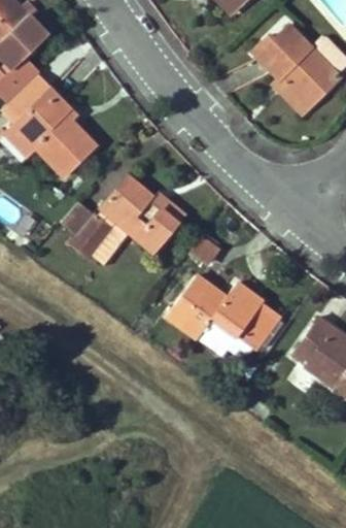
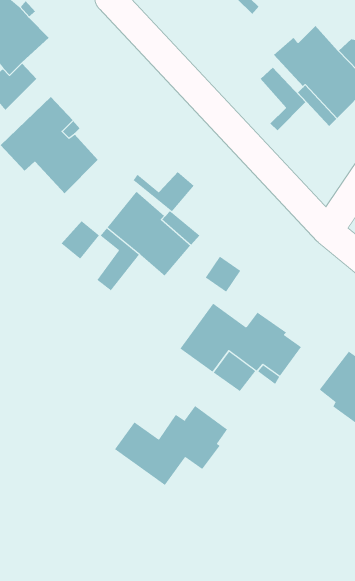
building: none -> [260,67,306,131]
building: none -> [133,171,195,212]
building: [71,213,111,257] -> none
building: none -> [114,405,228,486]

